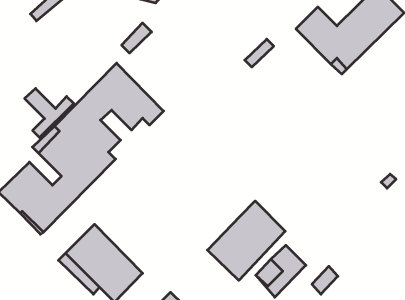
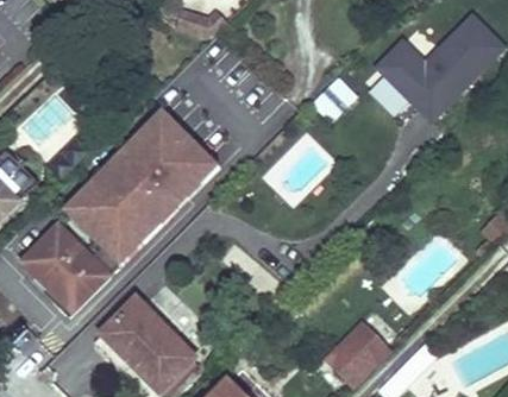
building: [25,88,74,138] -> [144,163,202,221]
building: [207,201,285,280] -> none

